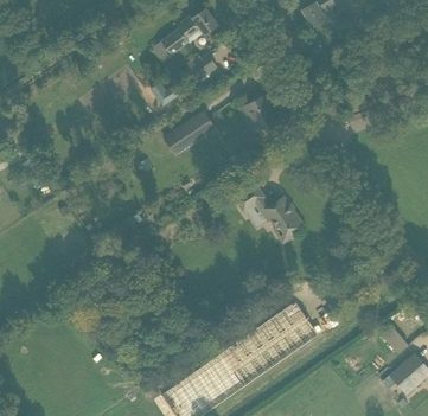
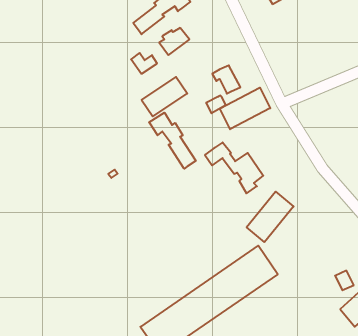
building: none -> [220,88,270,129]
building: none -> [149,113,196,169]
building: none -> [247,192,294,242]

